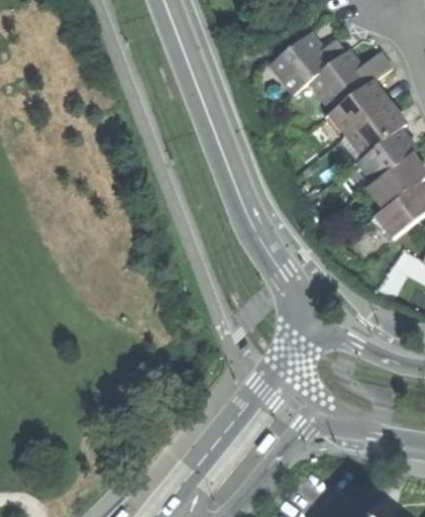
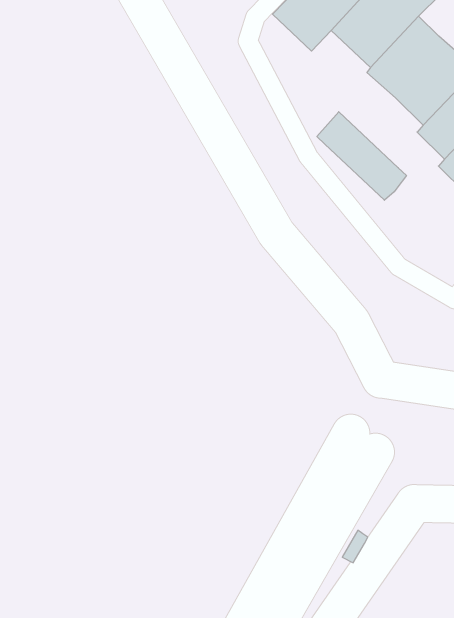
building: none -> [317,112,406,200]

